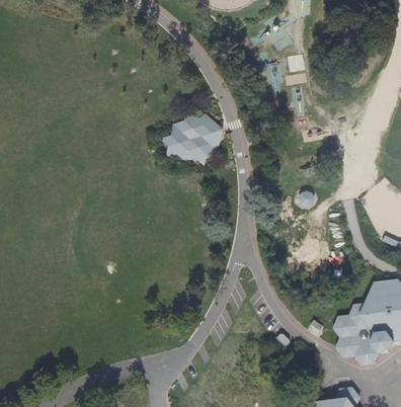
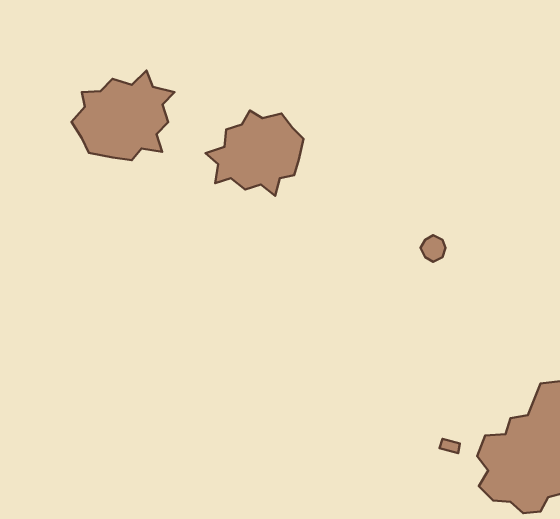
building: none -> [72,71,175,160]

